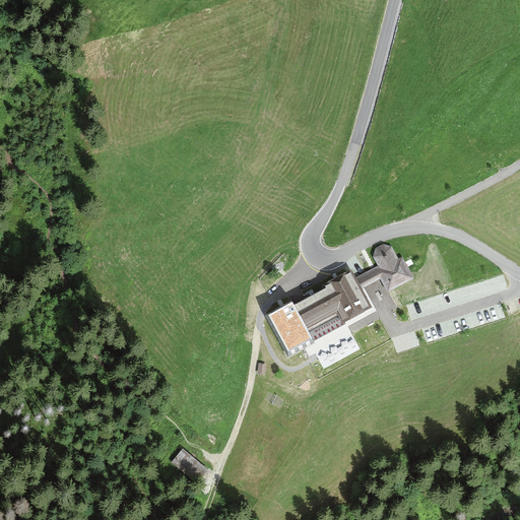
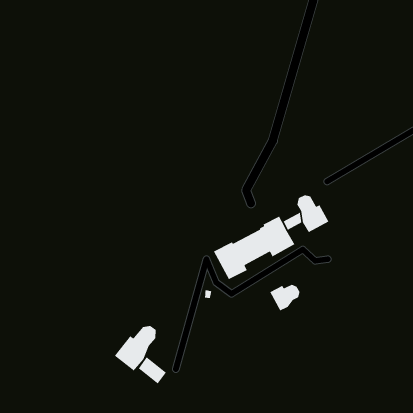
building: none -> [269,284,300,311]
building: none -> [114,325,157,372]

